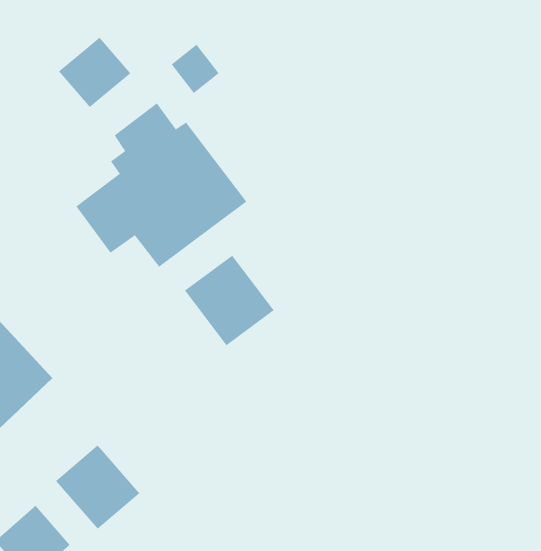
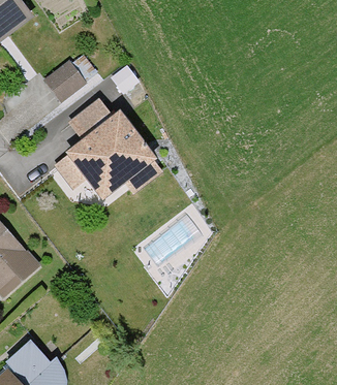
building: [184,255,275,346] -> none
building: [55,445,140,530] -> none

